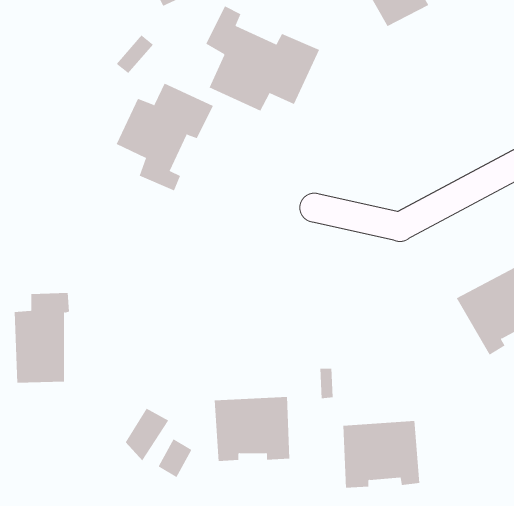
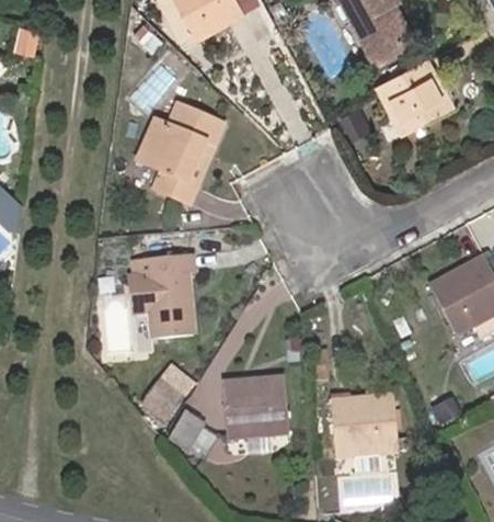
building: [205,5,320,111] -> none
building: none -> [377,59,453,134]
building: [14,293,70,383] -> [141,251,189,329]

